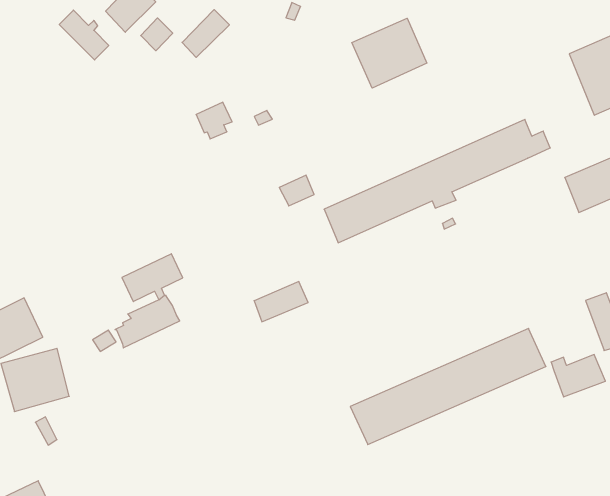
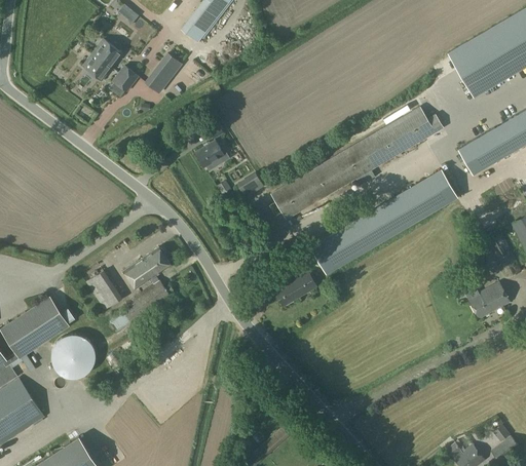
building: [59,10,109,60] -> none
building: [352,18,427,88] -> none
building: [196,102,232,139] -> [195,141,224,170]
building: none -> [85,270,121,310]
building: [254,282,308,322] -> [274,271,316,306]
building: [350,328,546,445] -> [310,168,458,275]

